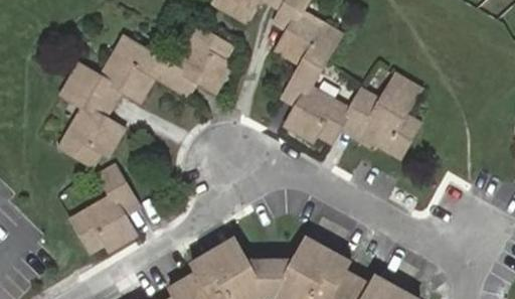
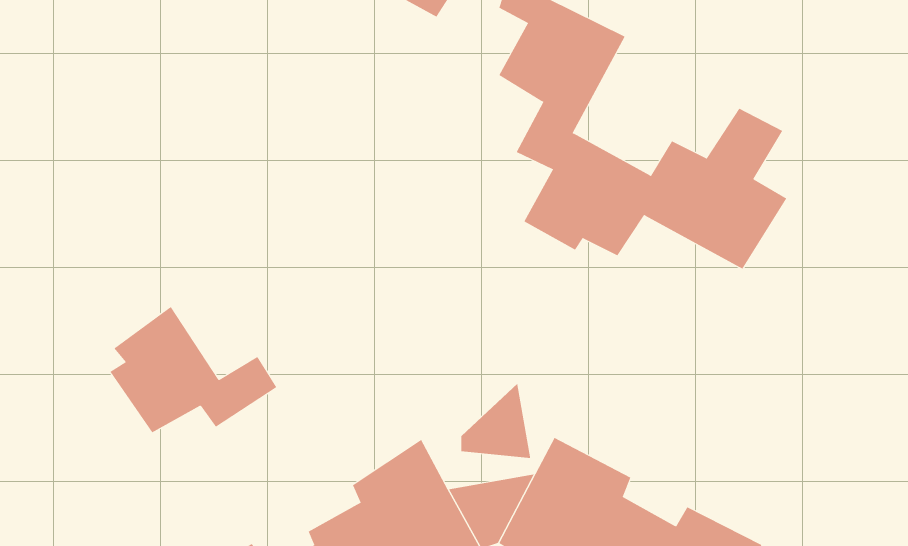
building: [56,30,231,174] -> none
building: none -> [461,383,531,459]

